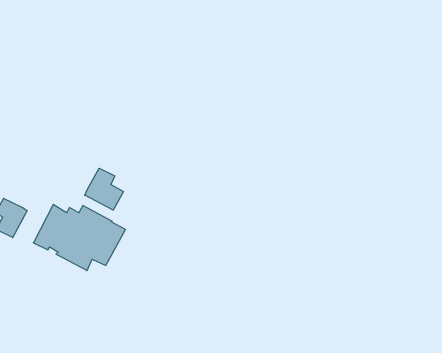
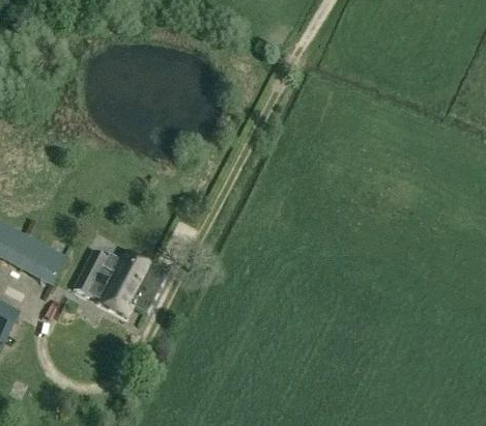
building: [85,168,123,210] -> none

